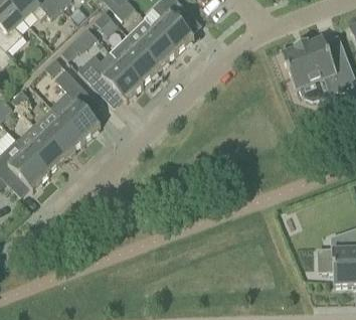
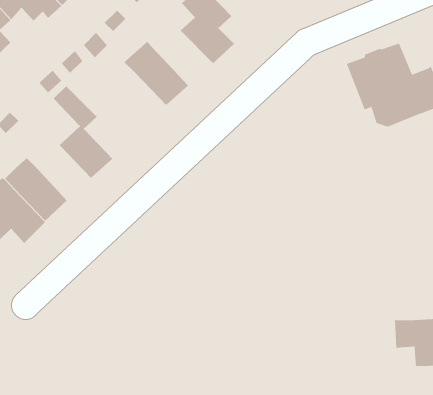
building: [127,17,177,67] -> none
building: [77,52,143,100] -> none
building: [42,114,83,156] -> none

